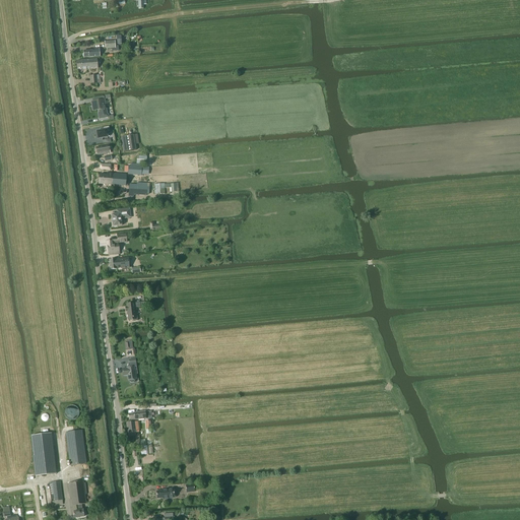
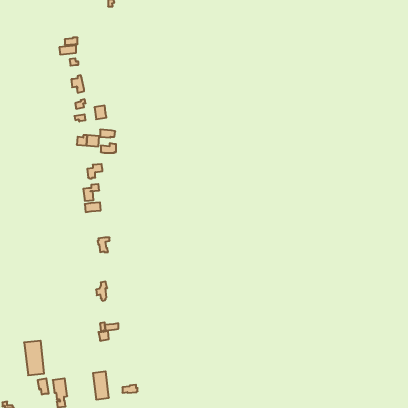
building: [65,430,85,465] -> [93,371,109,399]

